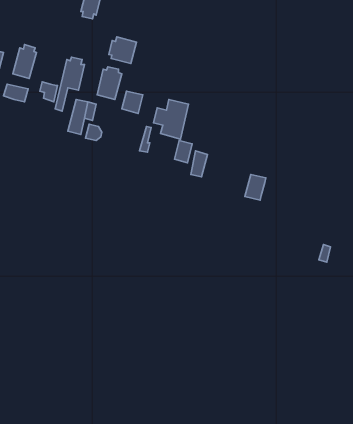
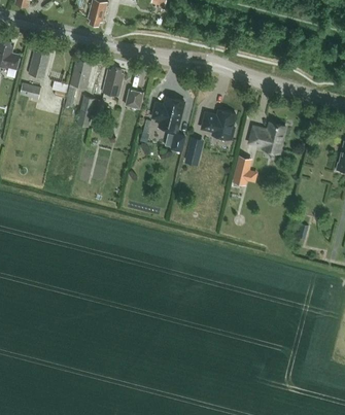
building: [109,37,136,64] -> none
building: none -> [201,110,235,140]
building: none -> [250,123,285,150]

